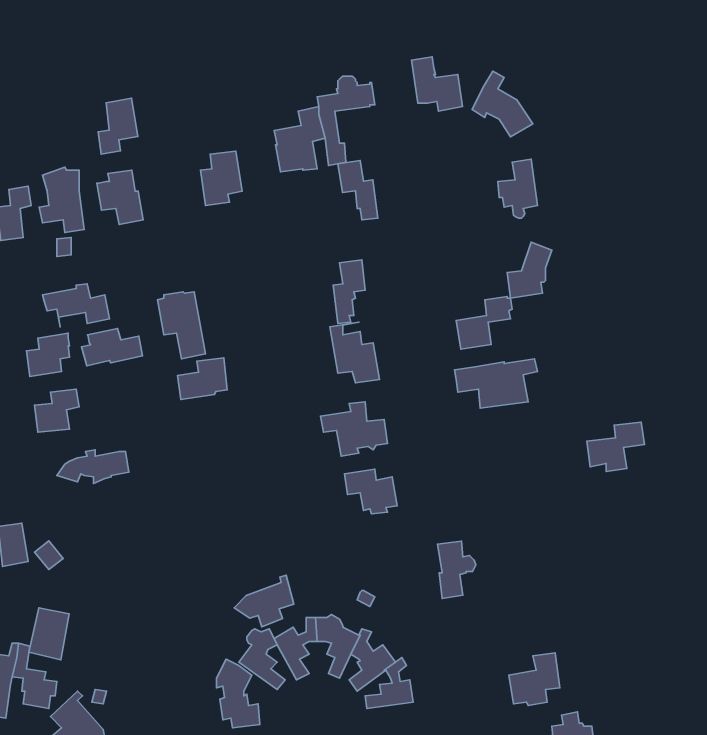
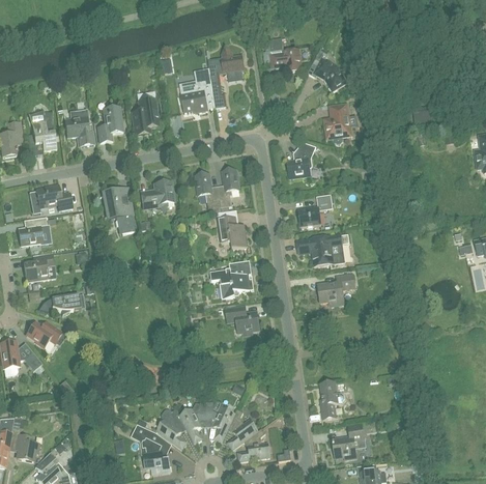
building: [98,98,138,154] -> [97,106,123,142]
building: [338,161,378,220] -> [195,173,221,211]
building: [507,242,552,298] -> [287,141,316,177]
building: [82,328,142,366] -> none
building: [178,358,227,399] -> [141,180,173,207]
building: [587,422,644,472] -> [317,273,354,305]
building: none -> [26,320,62,347]
building: [437,541,476,599] -> [319,381,344,419]
building: [234,575,294,627] -> none
building: [29,608,69,660] -> none

